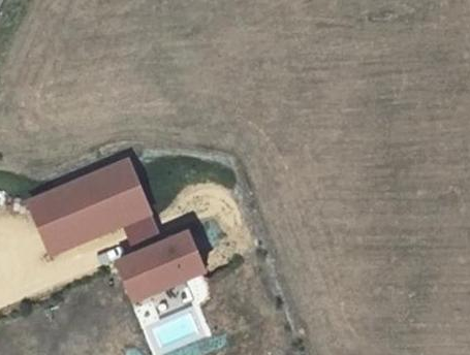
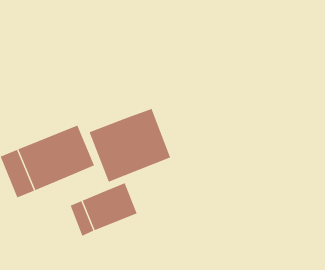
building: none -> [89,108,171,183]
building: [121,212,162,256] -> none

